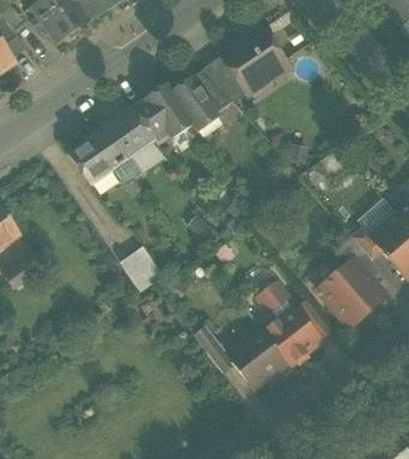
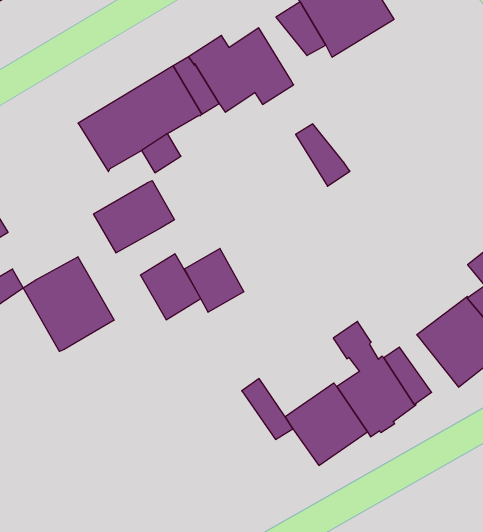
building: [192,68,233,112] -> [296,124,350,186]
building: none -> [94,181,174,253]
building: none -> [184,248,244,312]
building: none -> [23,257,114,351]

